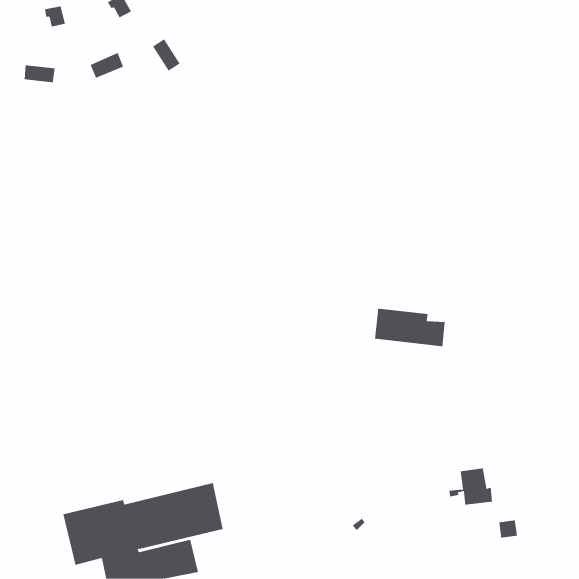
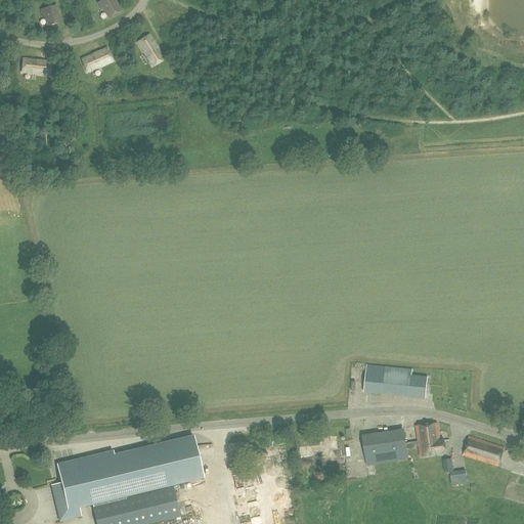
building: [374,308,446,347] -> [362,363,427,398]
building: none -> [361,432,407,464]
building: none -> [462,435,503,466]

